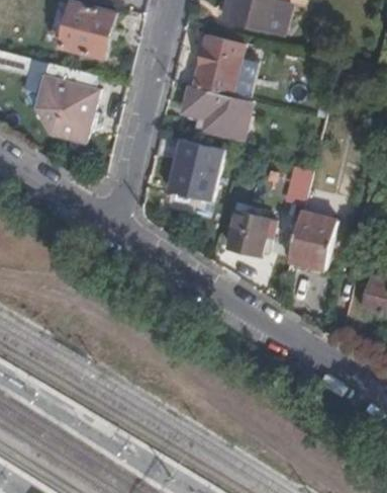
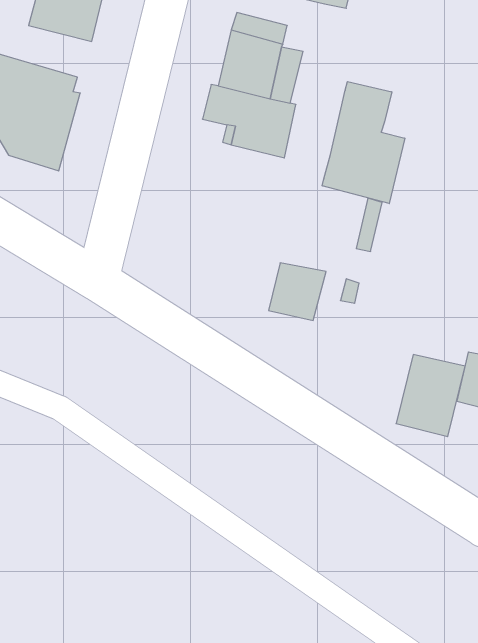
building: none -> [322,82,405,204]
building: [166,139,223,200] -> none
building: [287,211,335,268] -> [396,355,465,437]

